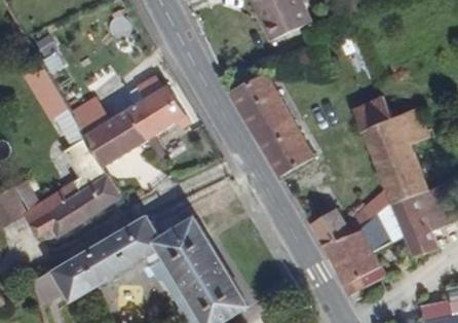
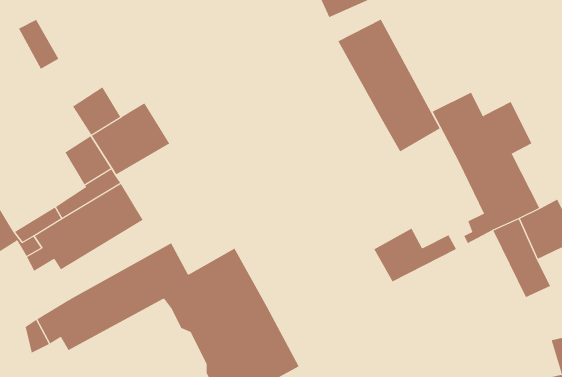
building: [128,66,195,137] -> none
building: [232,71,312,175] -> [338,19,441,152]
building: [320,216,388,294] -> none

